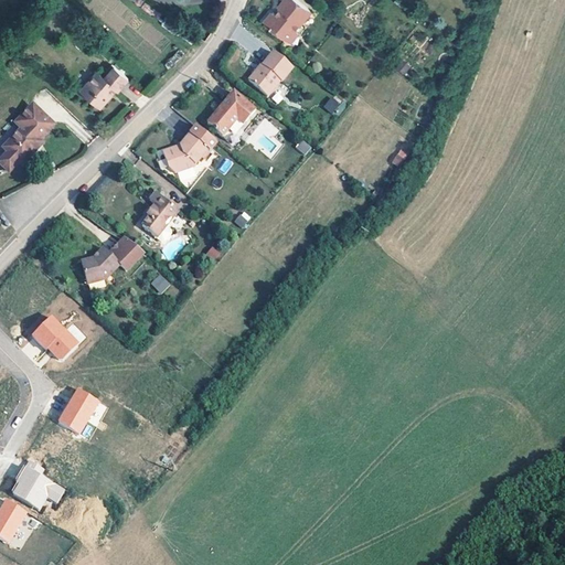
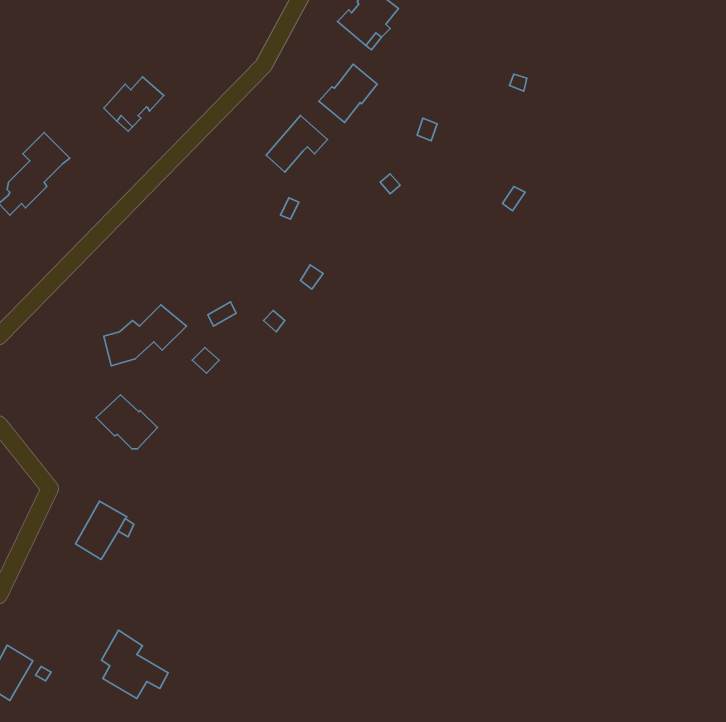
building: [160,122,215,170] -> none
building: [141,193,178,242] -> none
building: [31,318,78,360] -> [96,395,157,449]
building: [17,459,68,512] -> [101,630,168,699]

